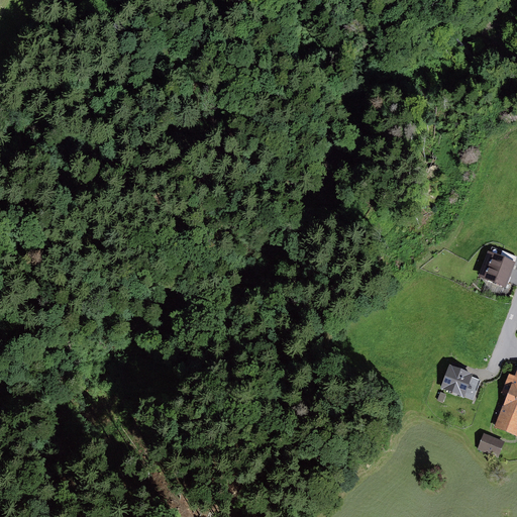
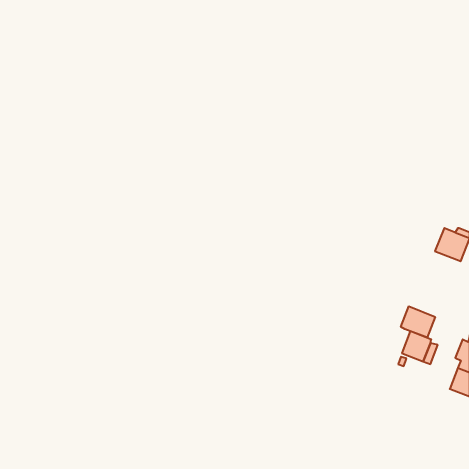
building: none -> [401,306,435,338]
building: [479,433,505,456] -> none

